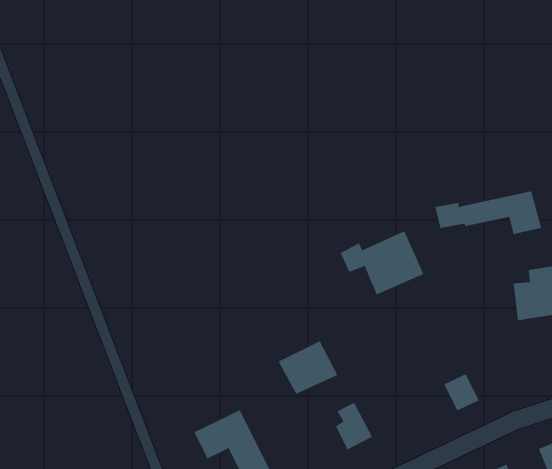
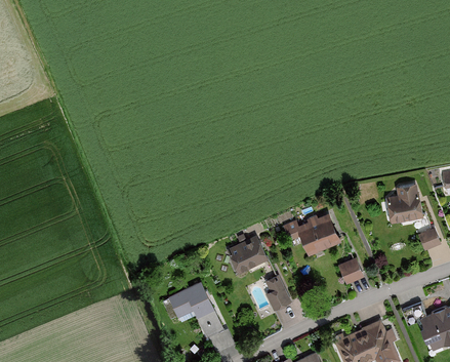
building: [435,191,542,235] -> none
building: [340,230,424,295] -> [284,211,341,255]

